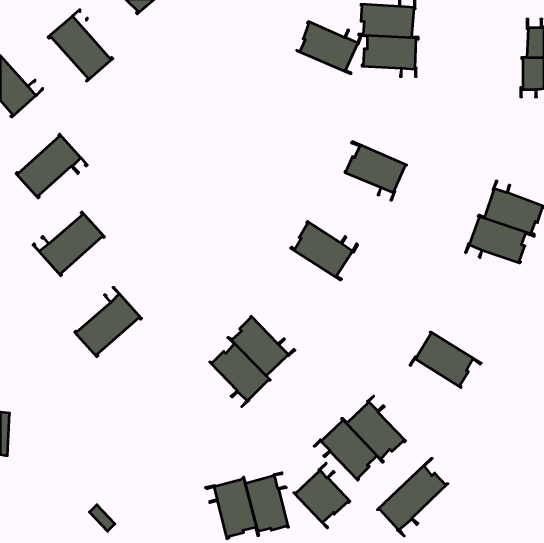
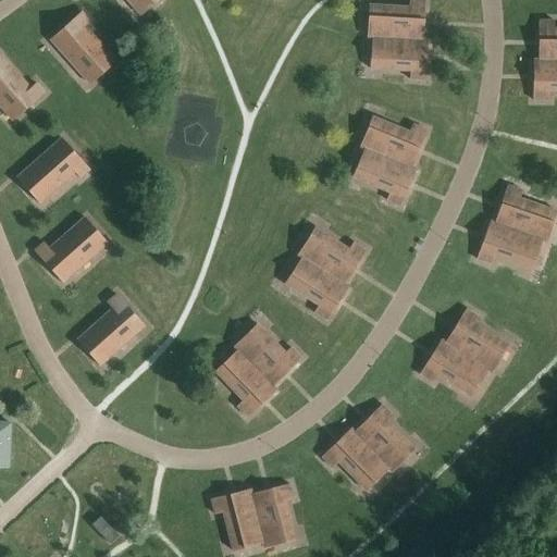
building: [297,22,362,74] -> [360,115,426,169]
building: none -> [284,253,348,320]
building: none -> [441,308,508,371]
building: [377,458,448,536] -> none
building: [294,463,350,528] -> none

